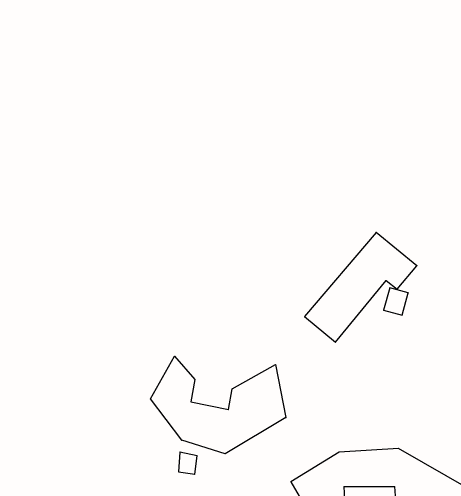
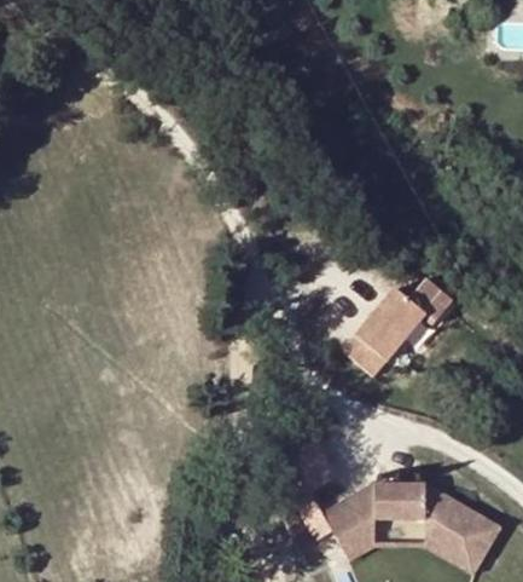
building: [151,356,286,454] -> none

